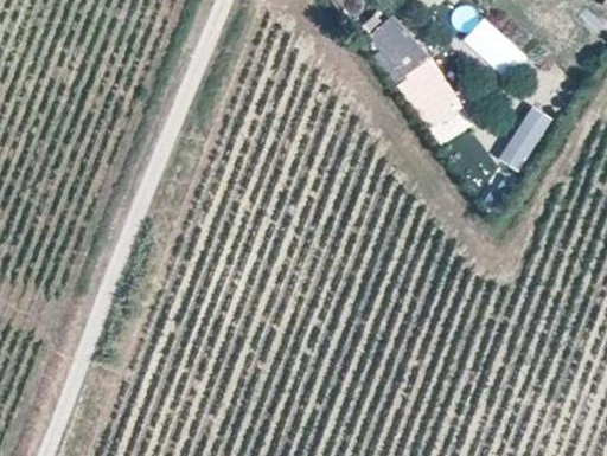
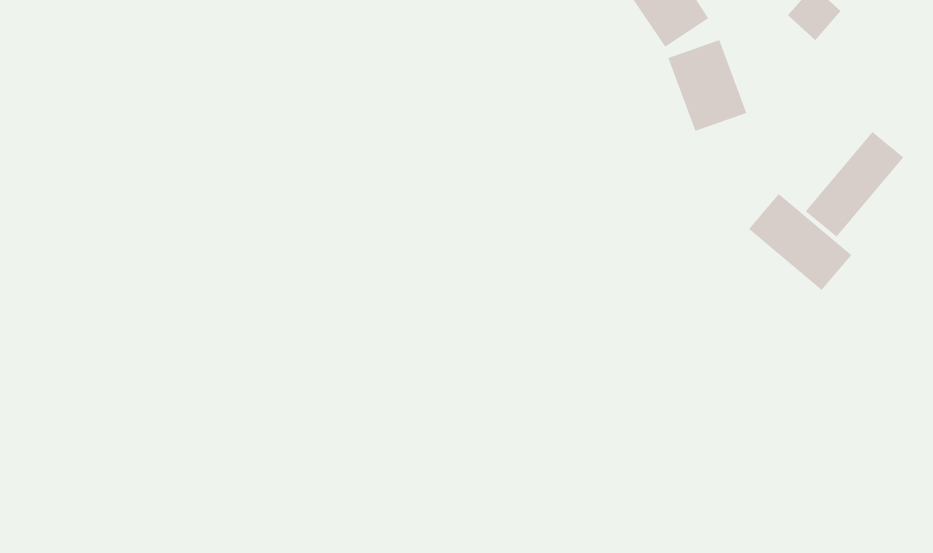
building: none -> [748,193,852,291]

